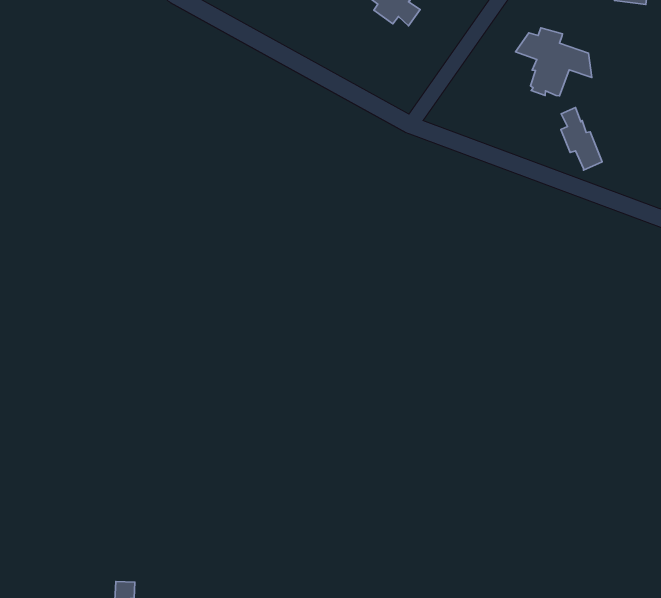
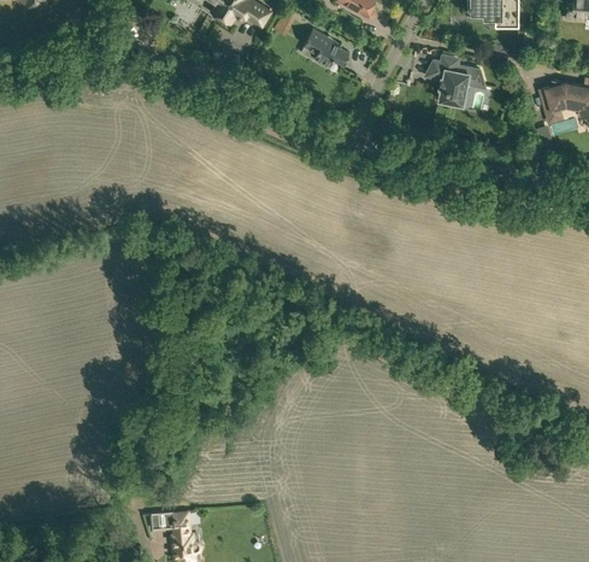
building: [561,108,602,170] -> none

